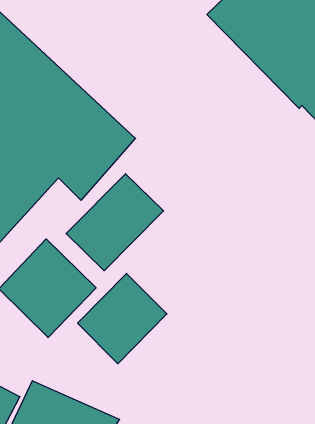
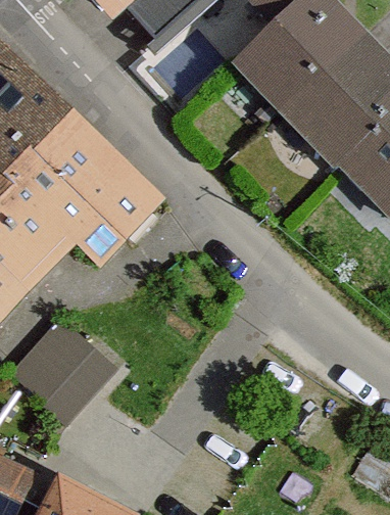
building: [66,174,164,271] -> none
building: [78,273,167,364] -> none

